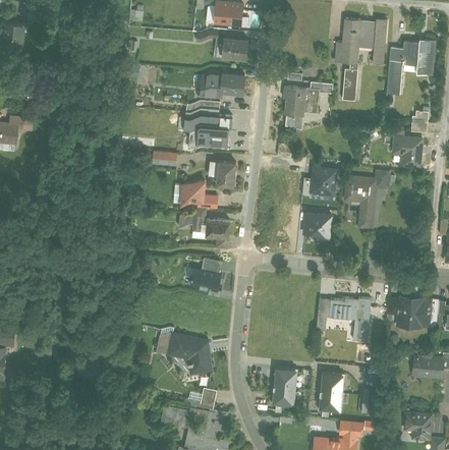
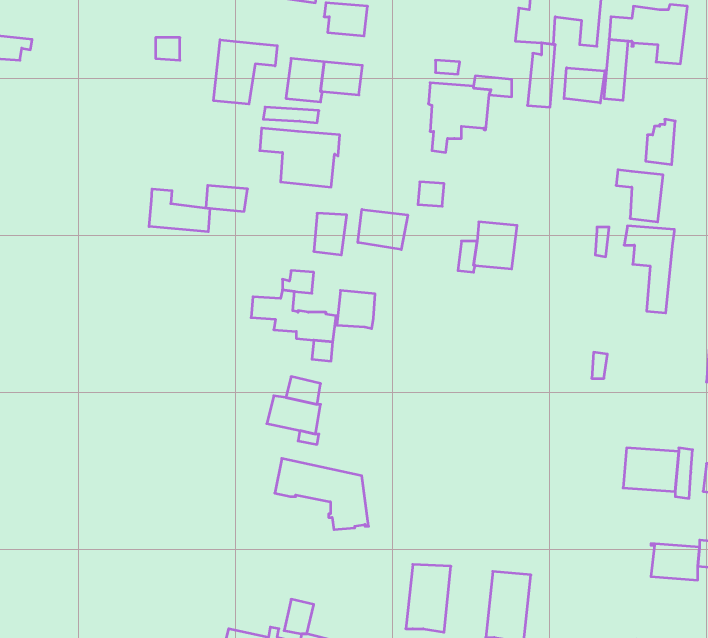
building: none -> [214,40,277,104]
building: none -> [564,68,605,103]
building: none -> [149,189,210,232]
building: none -> [358,209,408,250]
building: [345,177,375,228] -> [624,226,674,313]
building: [181,179,204,202] -> [337,290,375,329]
building: [302,215,330,242] -> none
building: [317,297,370,341] -> none
building: [156,331,211,373] -> [275,458,369,530]

